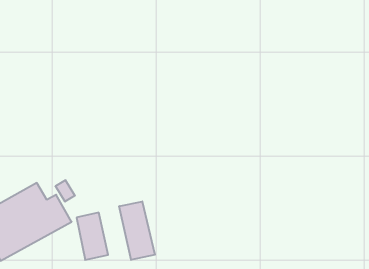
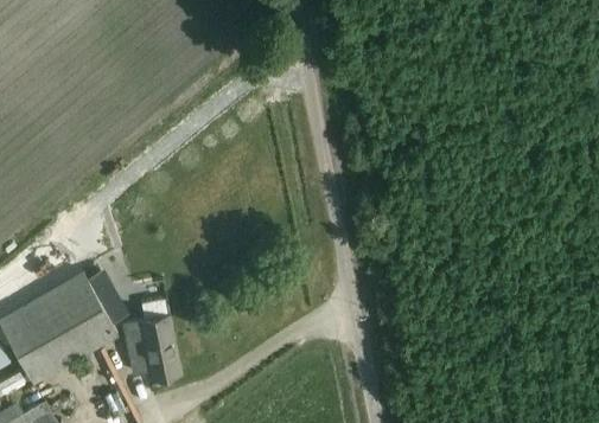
building: [119,201,155,260] -> none

